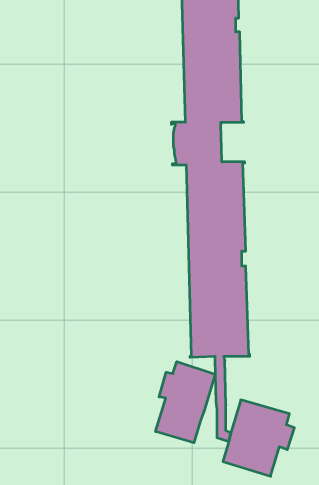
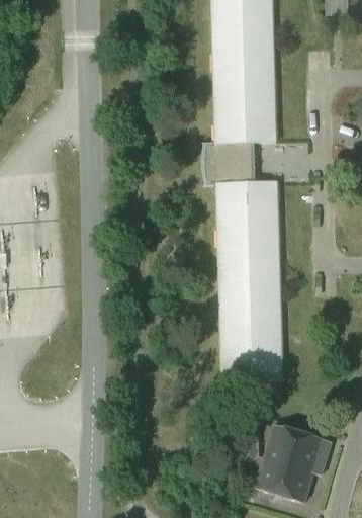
building: [156,362,215,443] -> none

